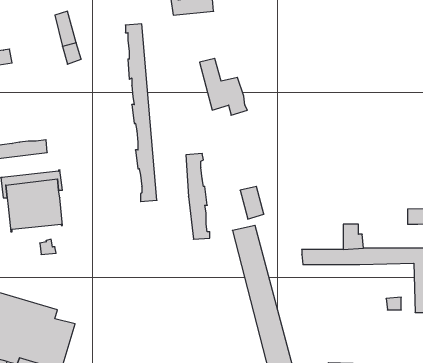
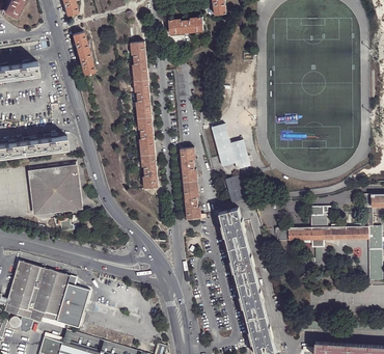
building: [200,58,247,115] -> [212,126,251,172]

